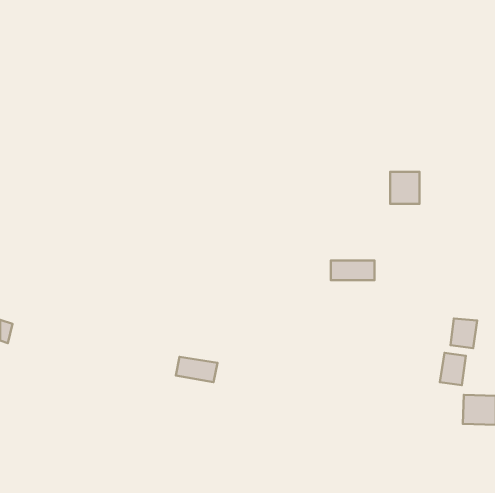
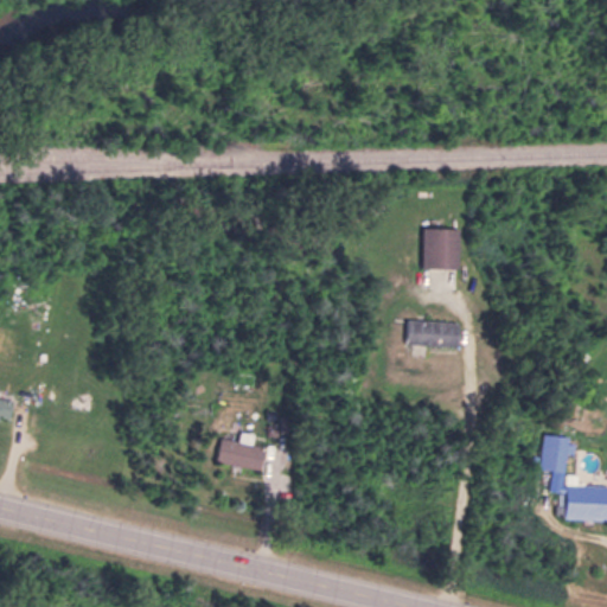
building: [390,172,419,204] -> [424,230,460,269]
building: [450,318,477,348] -> none

